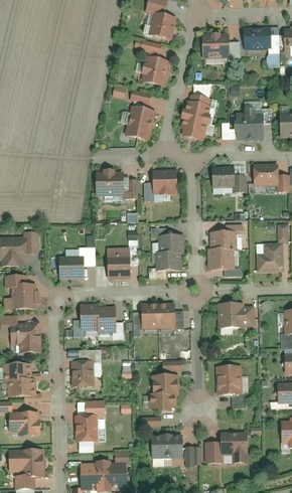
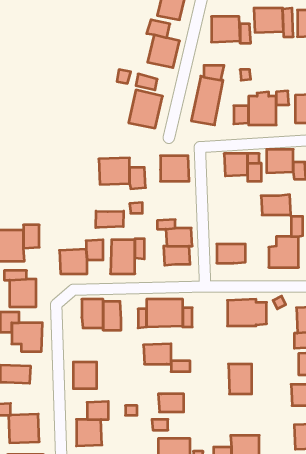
building: none -> [96,211,124,228]
building: [206,231,235,251] -> [261,195,291,215]
building: [153,373,179,392] -> [143,344,171,364]
building: [7,381,36,398] -> none

